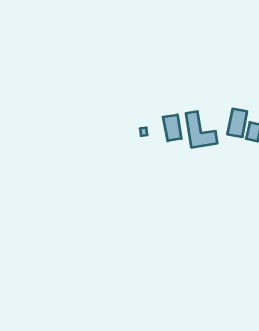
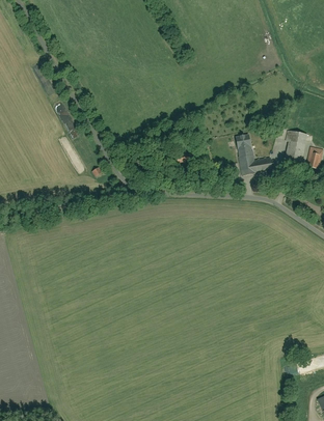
building: [163,115,181,141] -> none

